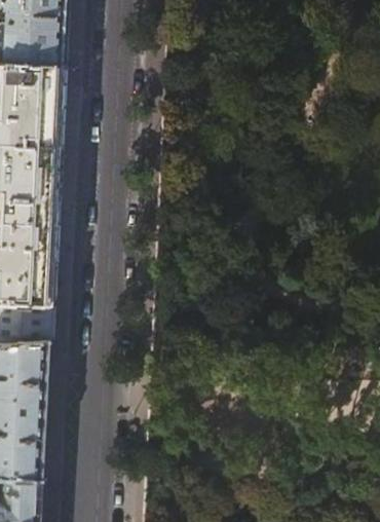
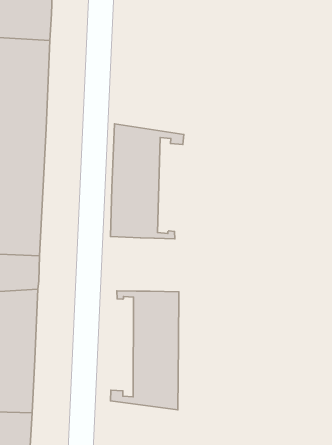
building: none -> [111,124,184,239]
building: none -> [110,291,179,410]

